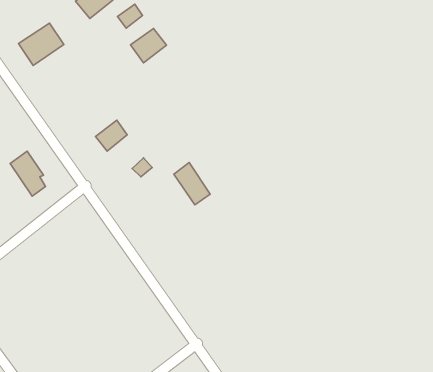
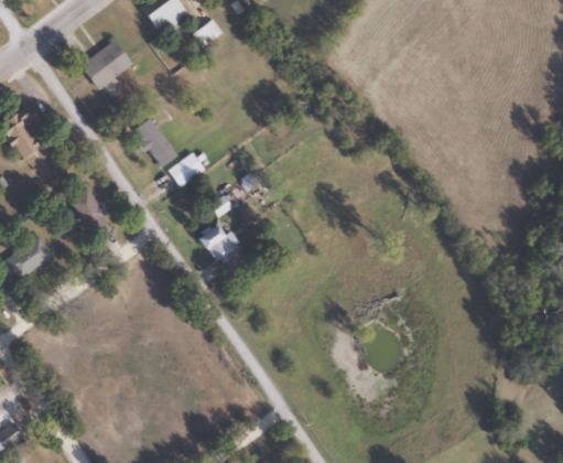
building: [130,28,167,63] -> none
building: none -> [134,117,178,165]
building: [174,163,210,205] -> [199,223,241,271]

